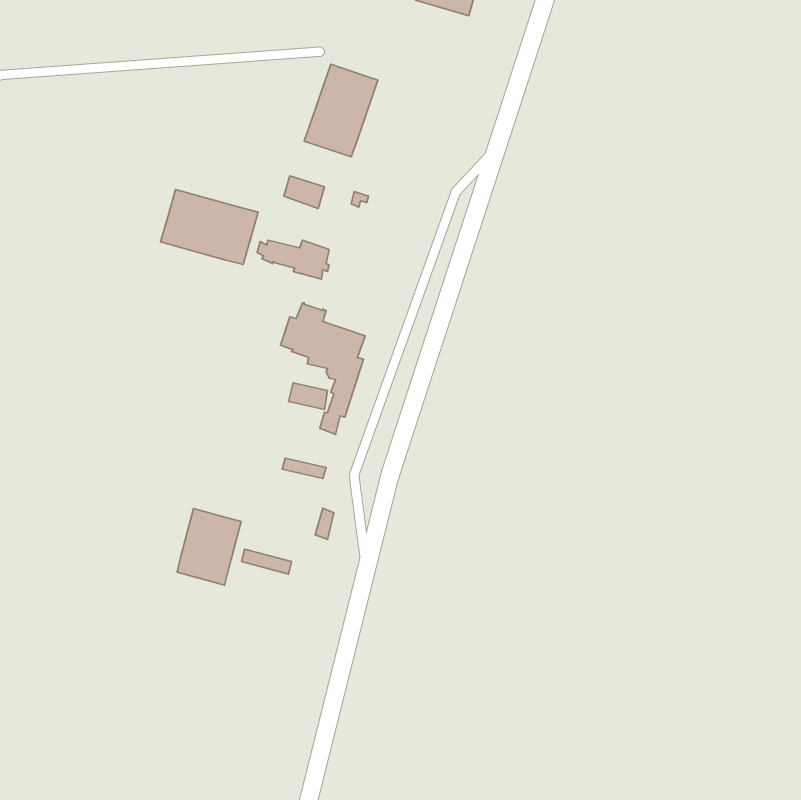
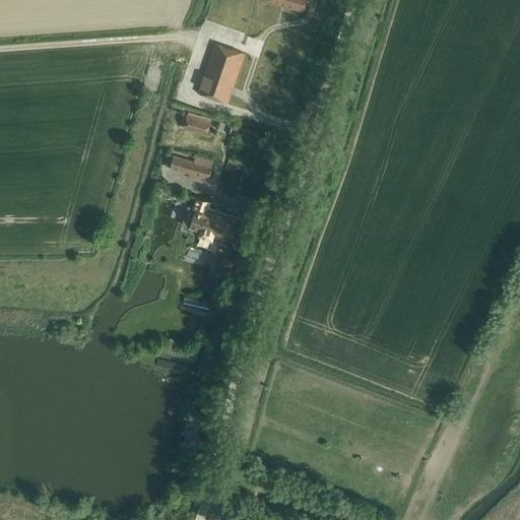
building: [161,190,258,264] -> none
building: [177,509,241,585] -> none

